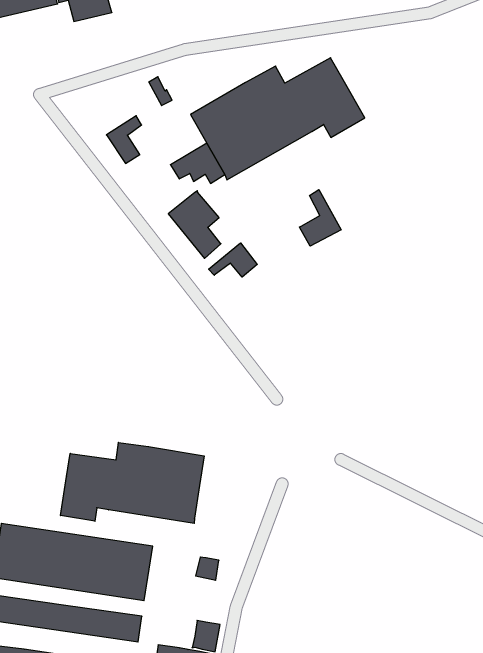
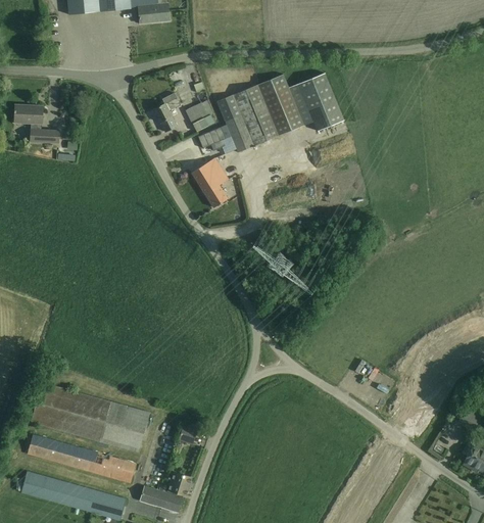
building: none -> [185,100,213,131]
building: [299,190,341,246] -> none
building: [209,243,257,277] -> none
building: [61,442,204,523] -> none

